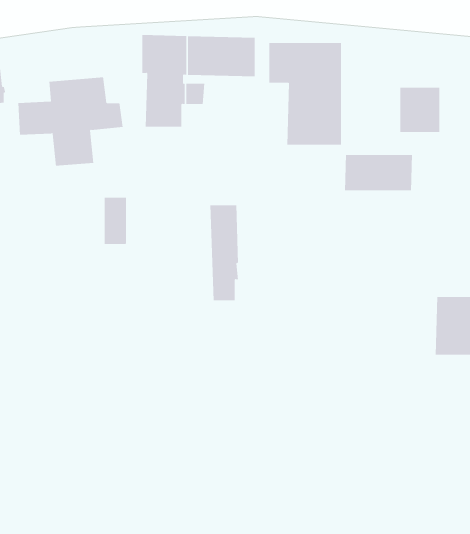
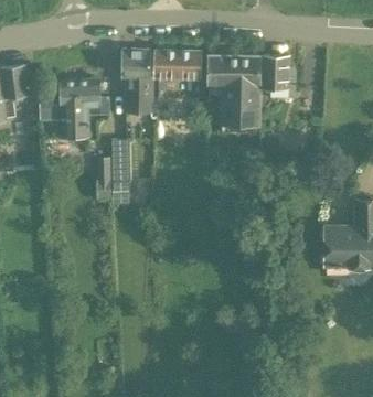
building: [399,87,440,133] -> [262,54,289,85]
building: [345,154,412,191] -> none
building: [210,205,239,301] -> [111,141,131,206]

